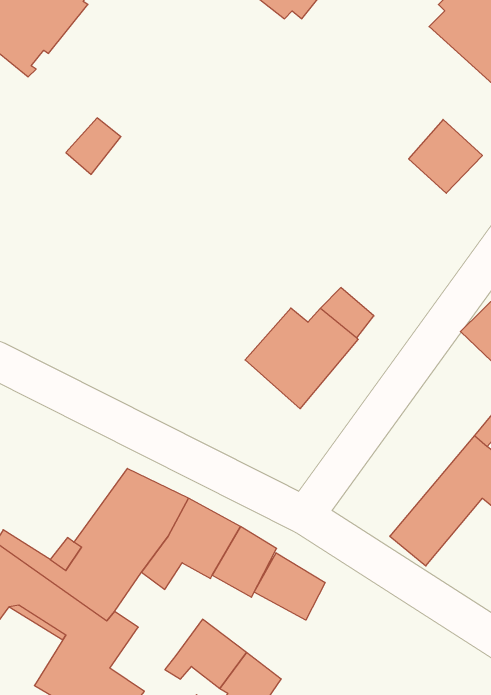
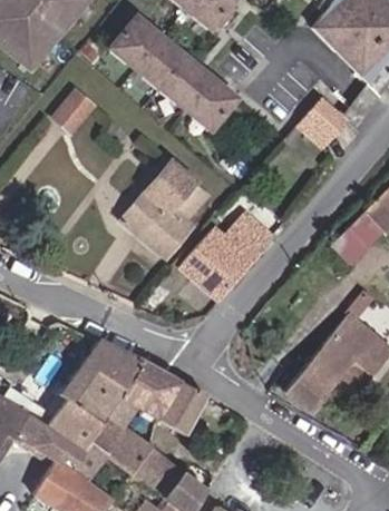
building: none -> [113,16,239,127]
building: none -> [123,163,208,259]
building: [254,553,325,620] -> none
building: none -> [89,415,133,465]

